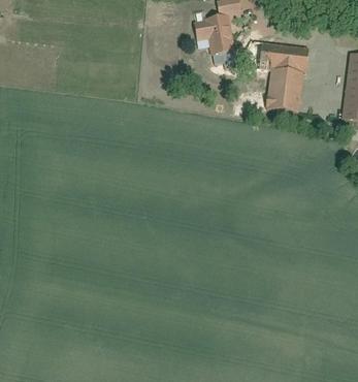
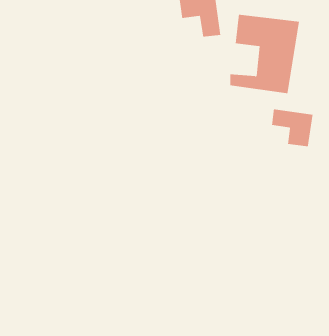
building: none -> [271,108,313,147]

